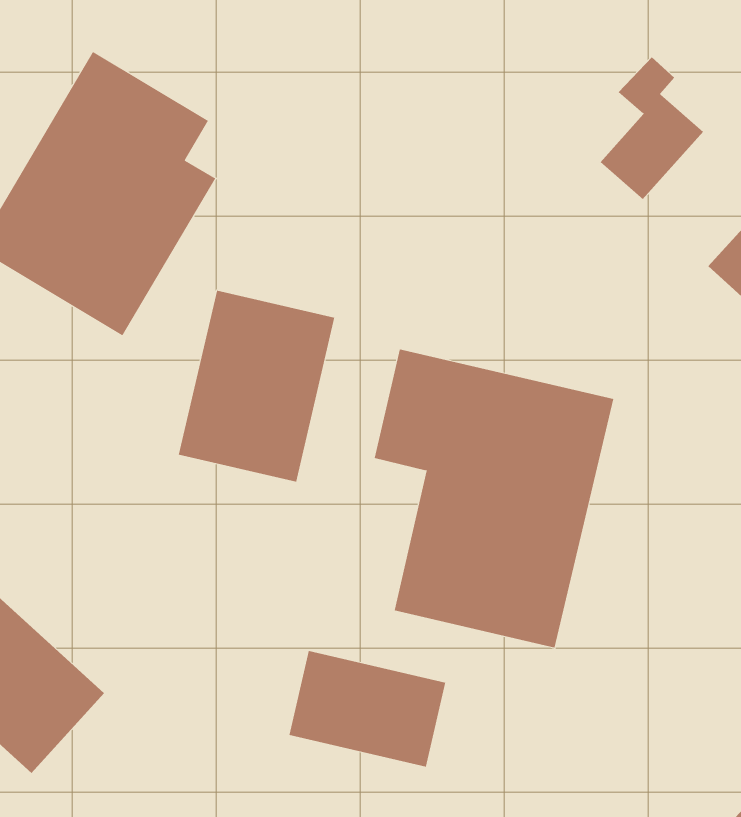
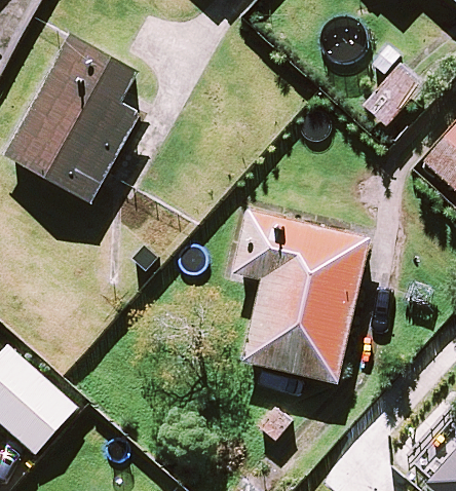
building: [178,290,335,483] -> none
building: [289,650,446,768] -> none

